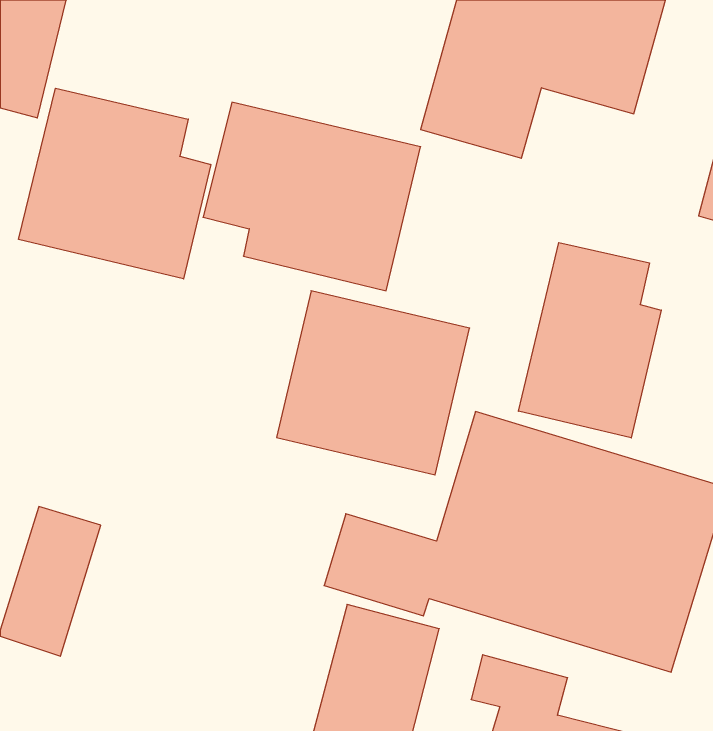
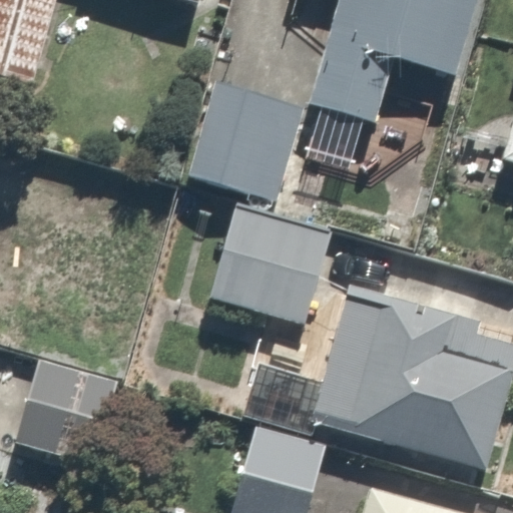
building: [19,88,211,279] -> none
building: [518,243,661,438] -> none

